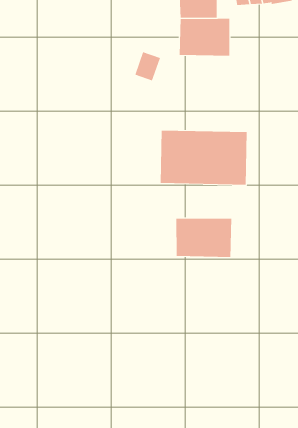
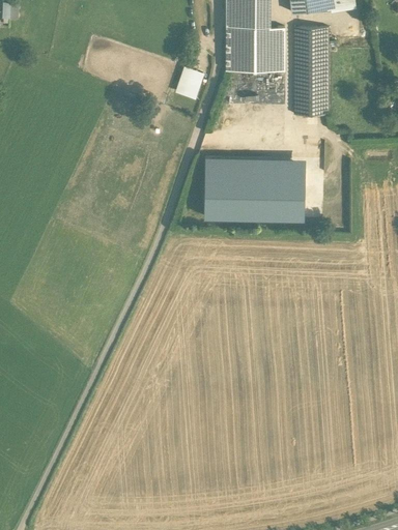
building: none -> [293,28,328,116]
building: [176,218,232,258] -> none

